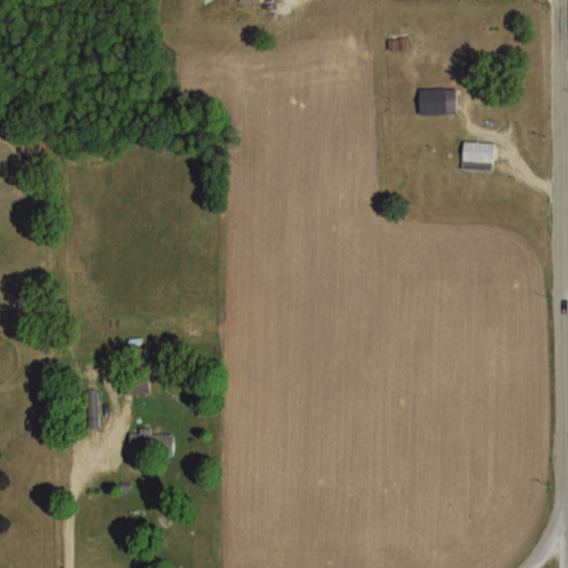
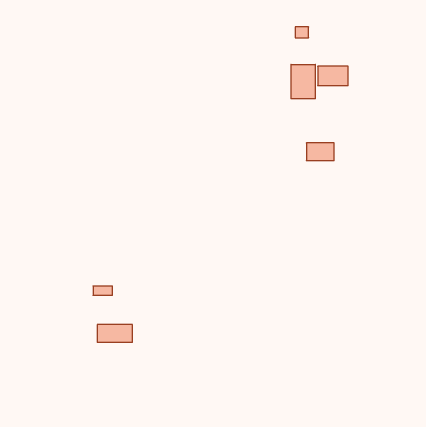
building: none -> [291,64,315,99]
building: [455,143,491,166] -> [306,143,334,161]

